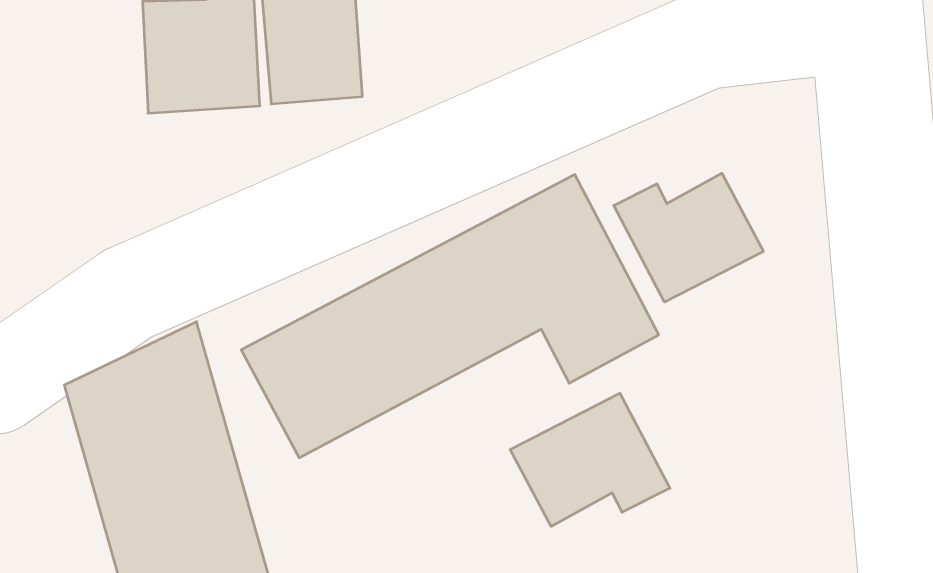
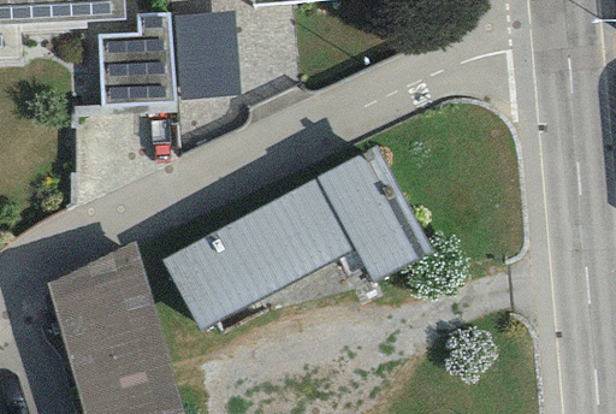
building: [614,173,763,302] -> none
building: [510,393,670,526] -> none

